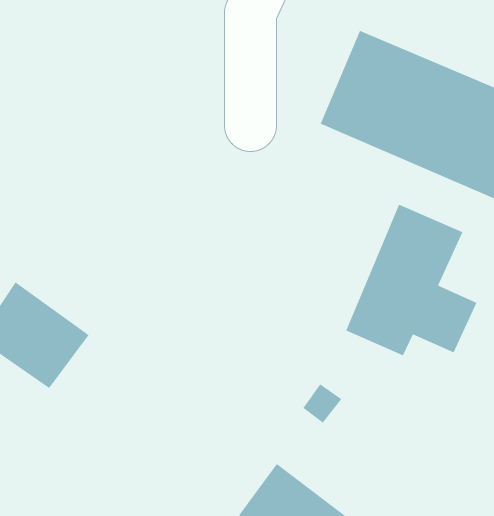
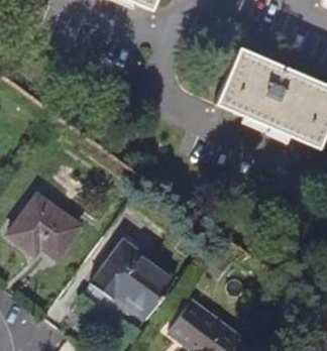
building: [345,204,477,356] -> none
building: none -> [91,239,176,318]

